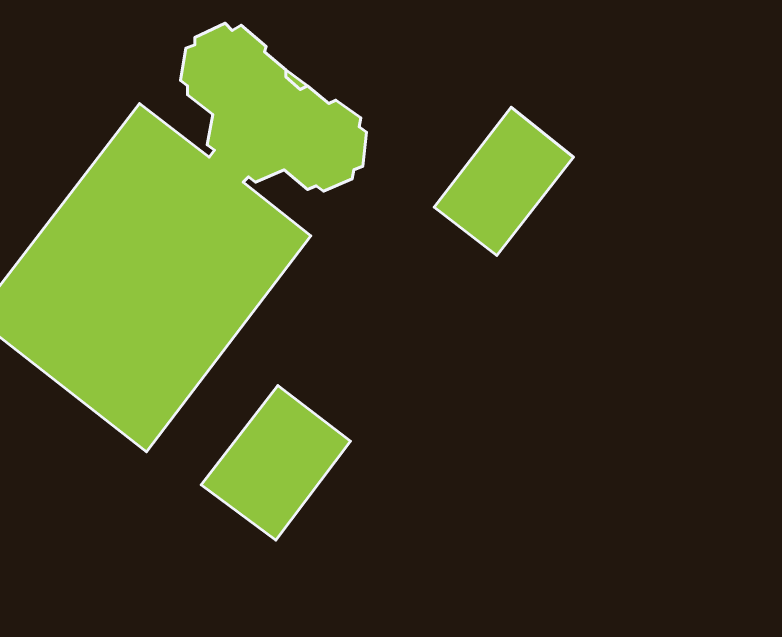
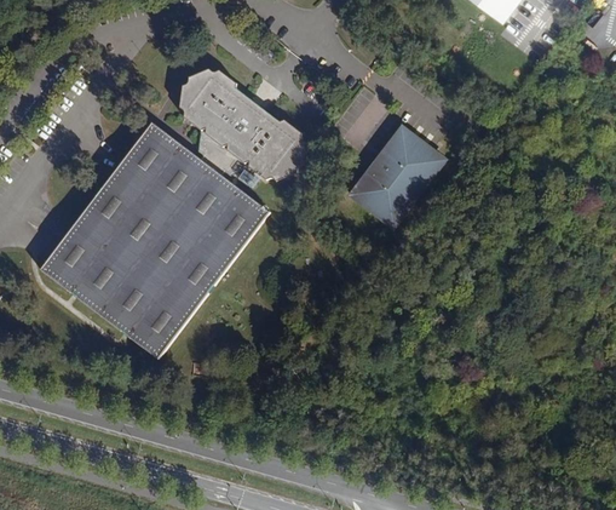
building: [201,385,351,540] -> none

